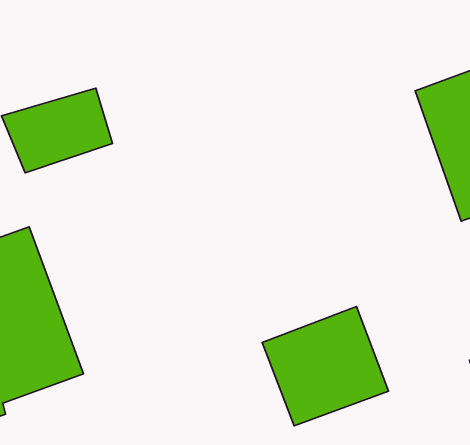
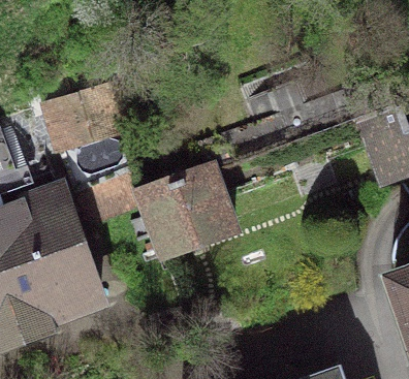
building: [262,306,389,426] -> [139,167,233,256]

